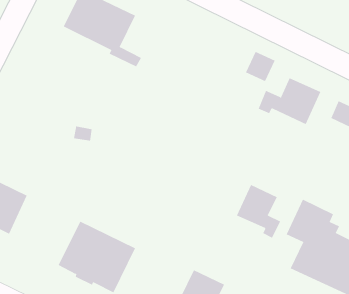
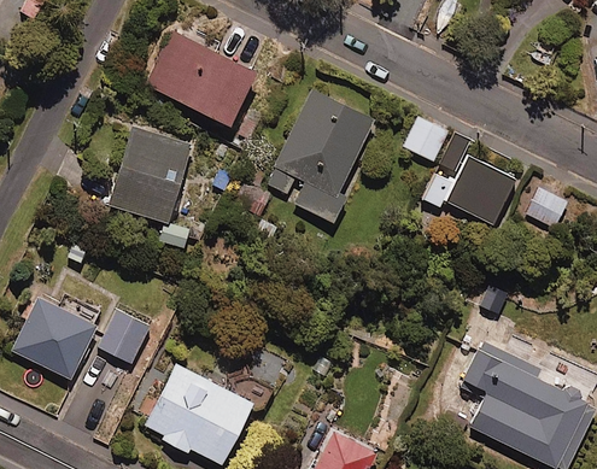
building: none -> [264,88,373,222]
building: none -> [110,128,189,223]
building: [236,184,281,238] -> none
building: none -> [98,310,148,363]

